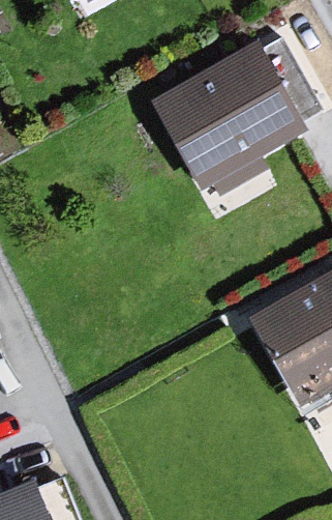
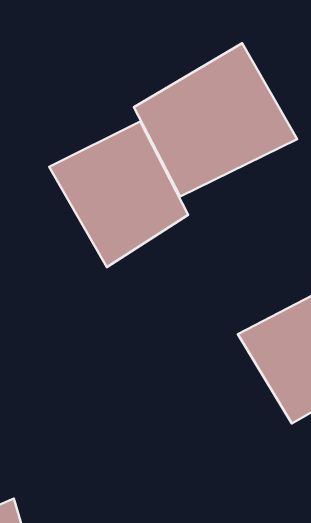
building: none -> [49,121,188,267]

